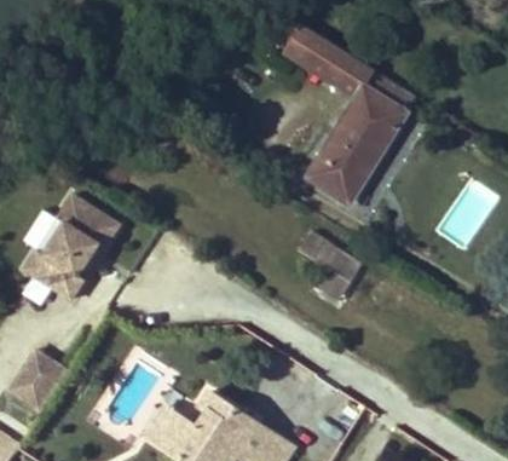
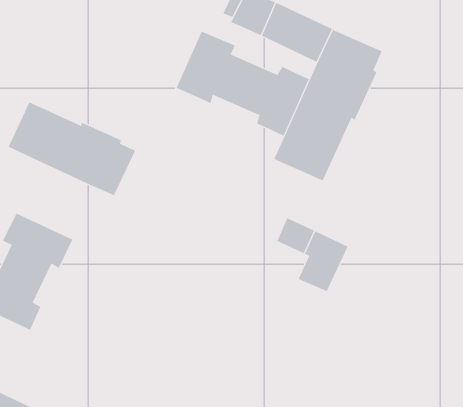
building: none -> [176,31,310,136]
building: none -> [8,101,136,196]

